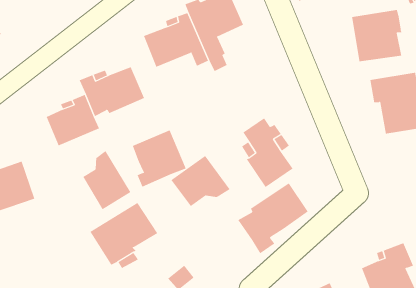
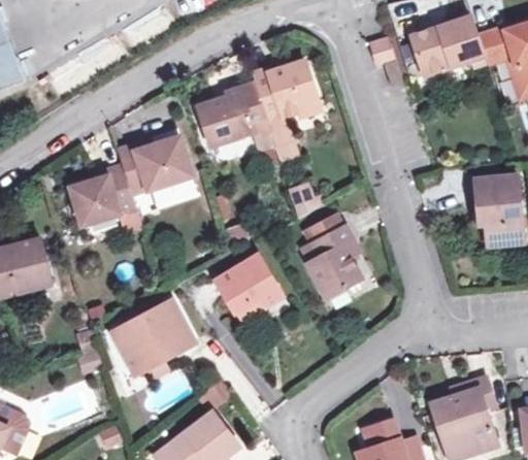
building: [352,9,402,62] -> none
building: [132,129,186,187] -> none
building: [82,150,131,210] -> none
building: [237,183,308,254] -> none

